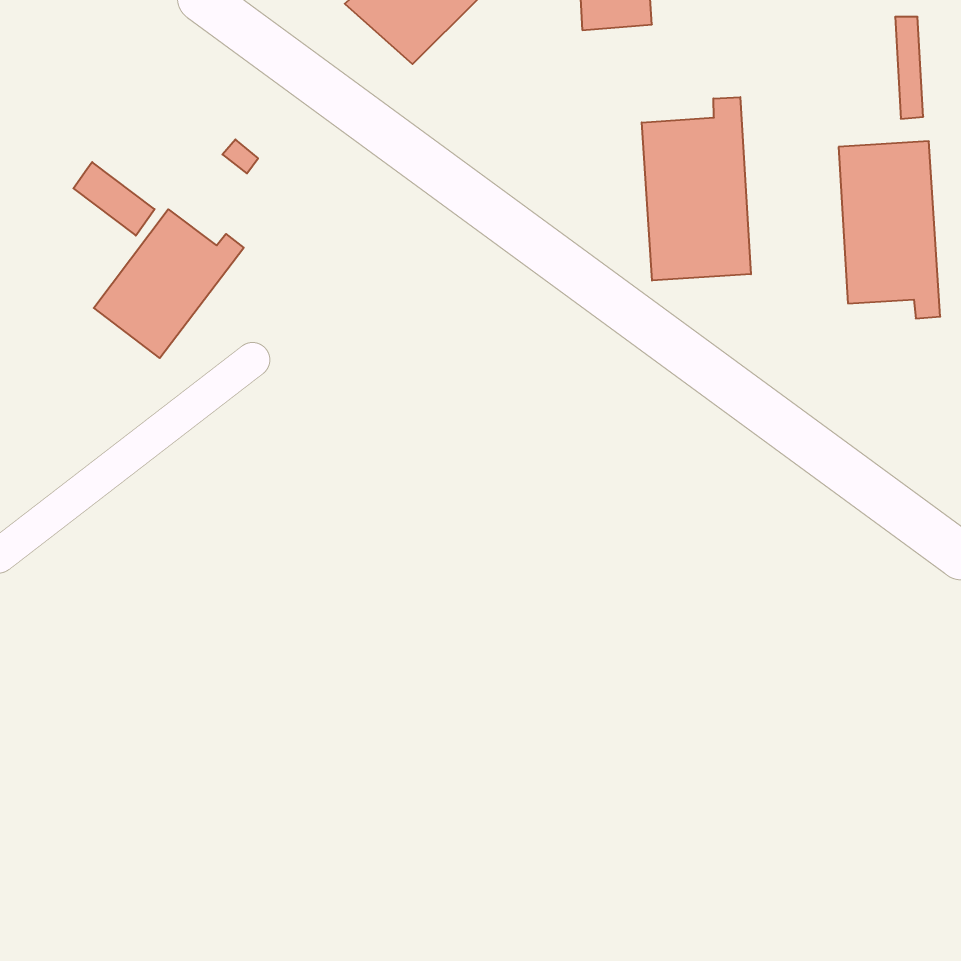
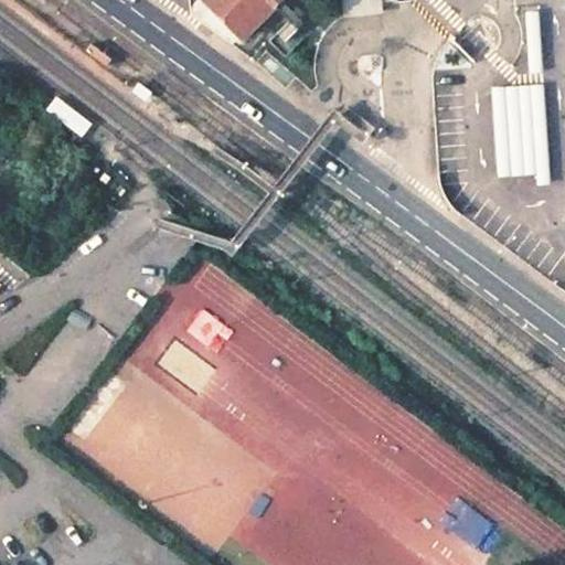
building: [642,97,751,281] -> none
building: [94,209,244,358] -> none

